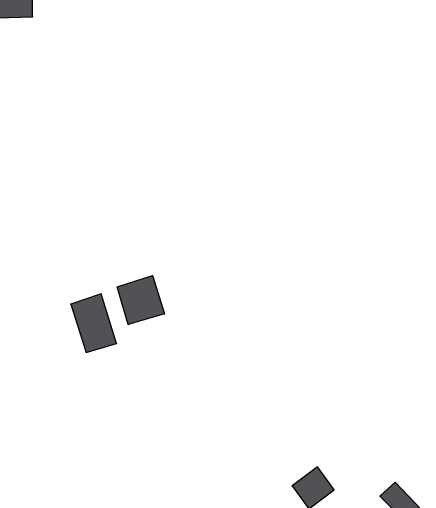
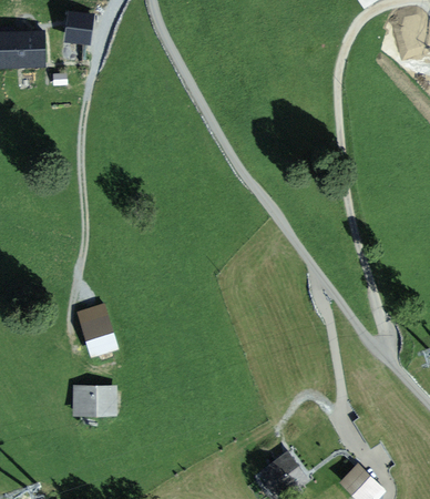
building: [117,276,164,325] -> none
building: none -> [70,386,115,417]

